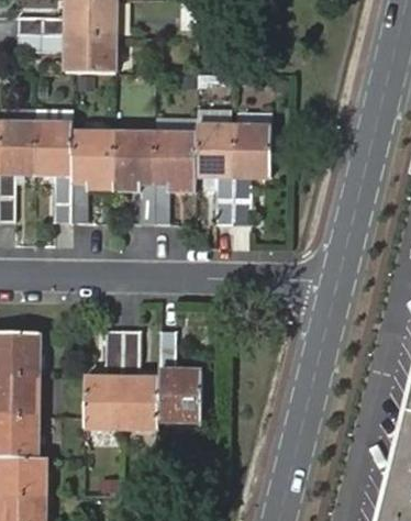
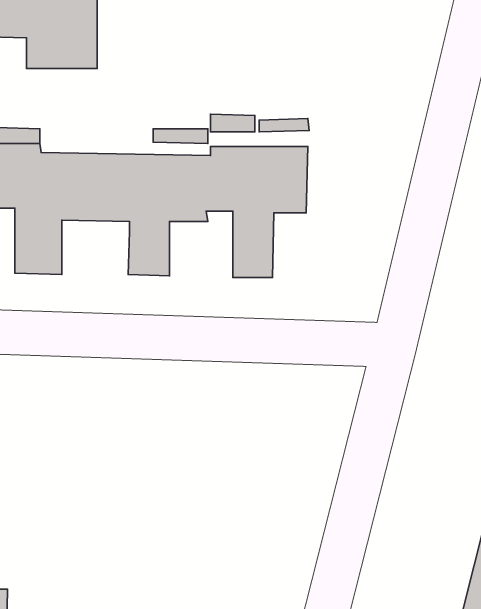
building: [86,330,200,428] -> none

